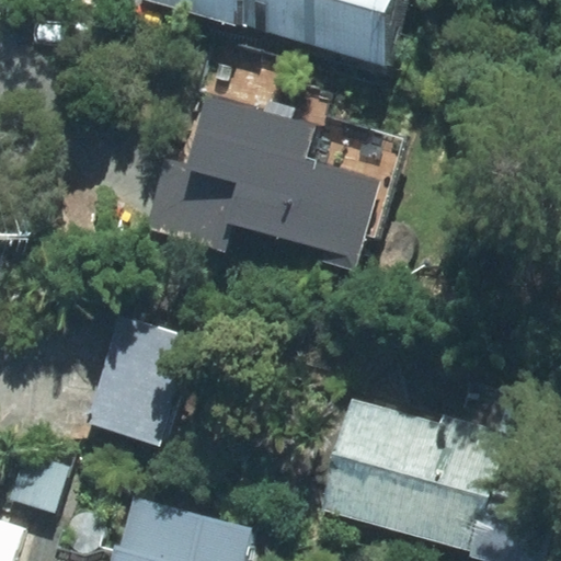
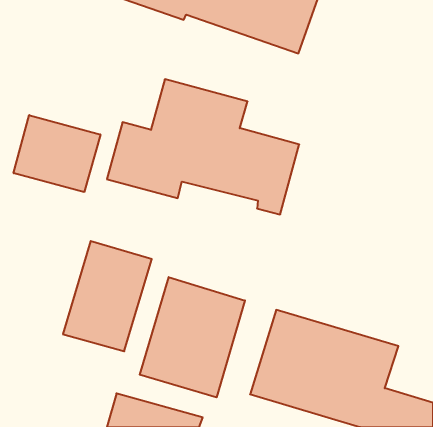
building: none -> [14,115,100,192]
building: none -> [140,277,245,397]

